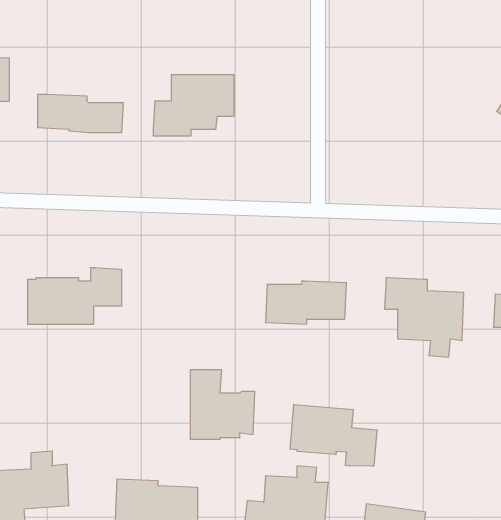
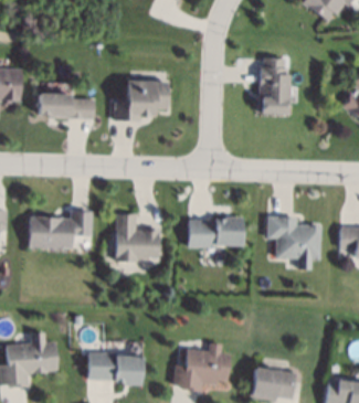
building: none -> [258,56,286,114]
building: [190,370,255,439] -> [117,214,160,261]
building: [290,404,377,466] -> none

